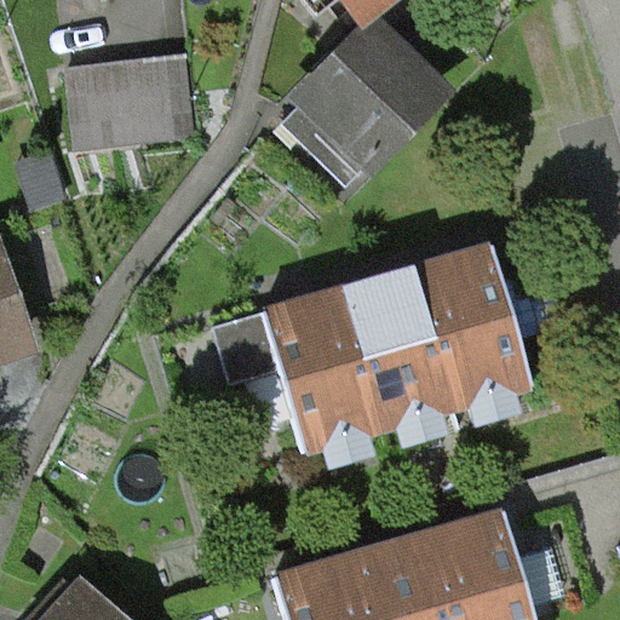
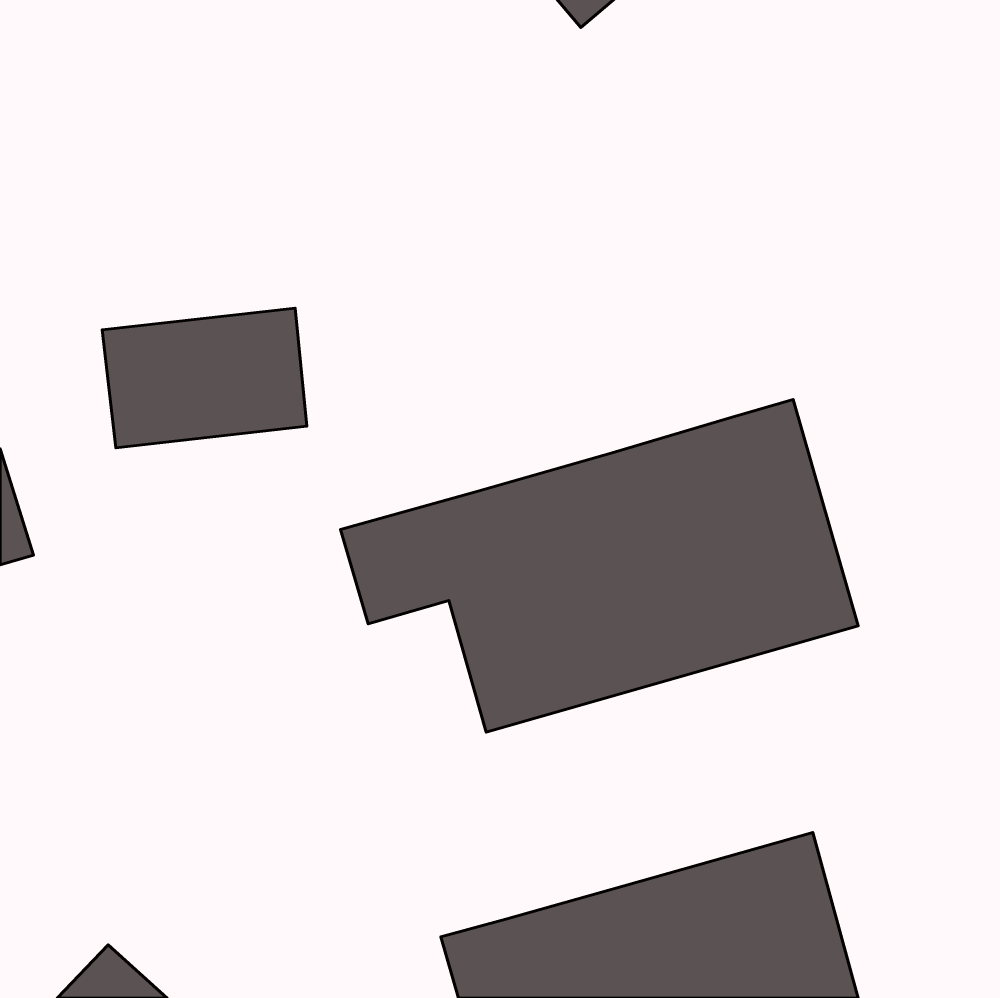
building: [285,30,436,184] -> none
building: [68,56,194,142] -> [102,308,307,448]

